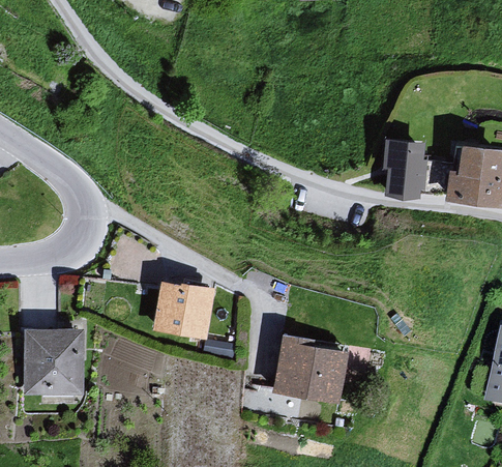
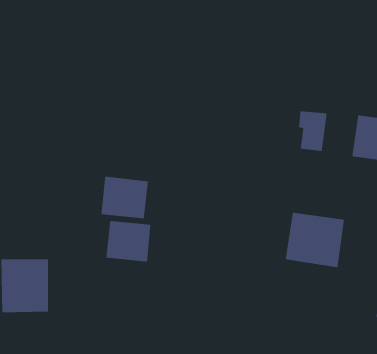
building: none -> [101,176,149,219]
building: [271,332,346,402] -> [285,212,345,268]

